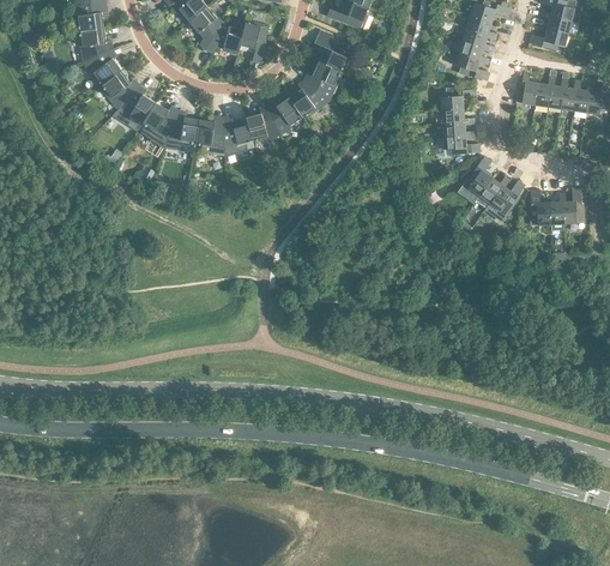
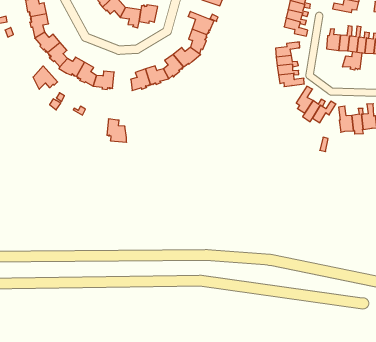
building: none -> [33,66,58,89]
building: none -> [343,52,362,70]
building: [195,119,224,155] -> [107,119,127,142]

